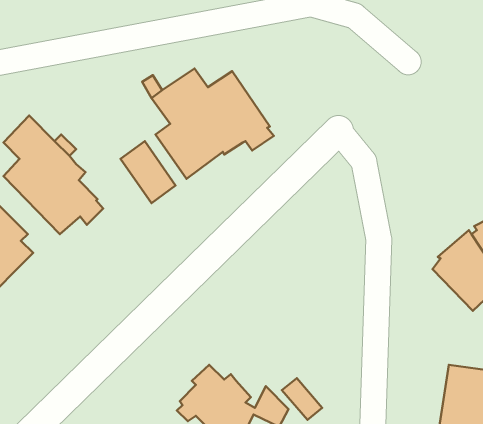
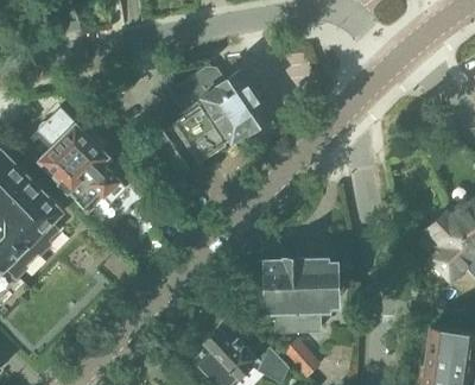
building: none -> [256,258,336,333]

